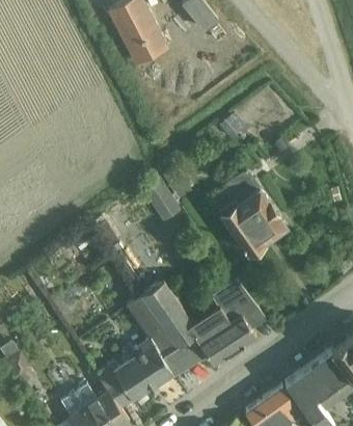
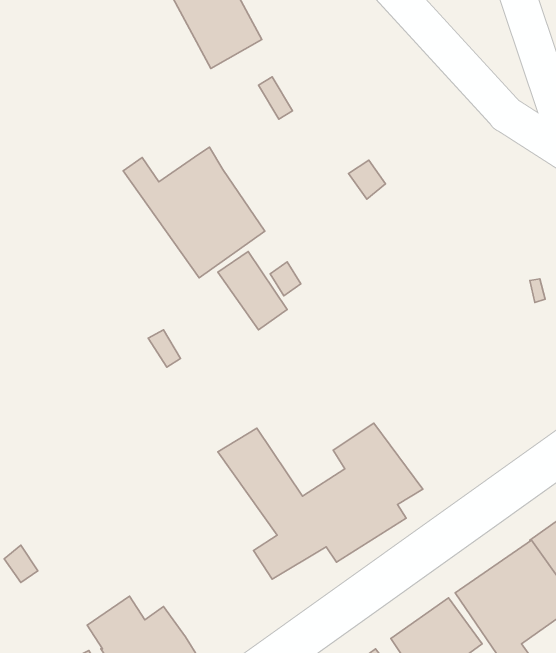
building: none -> [123,147,265,278]
building: [218,172,286,255] -> none
building: [94,297,175,410] -> none

